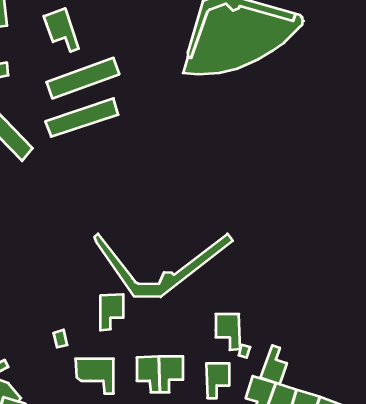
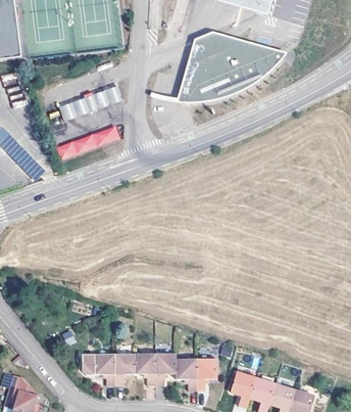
building: [44,8,79,52] -> none
building: [95,234,233,297] -> none
building: [100,294,123,330] -> [115,353,136,384]
building: [216,314,240,350] -> [177,358,198,390]
building: [260,345,287,384] -> none

